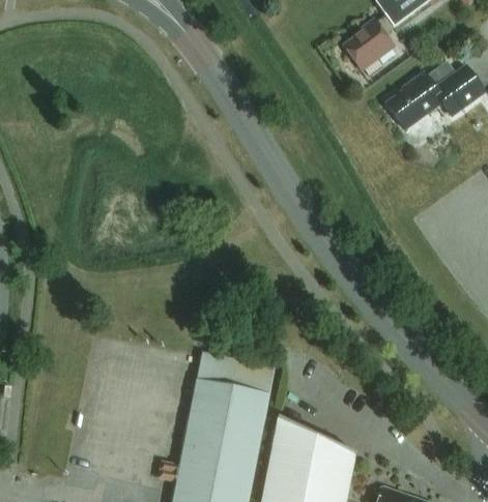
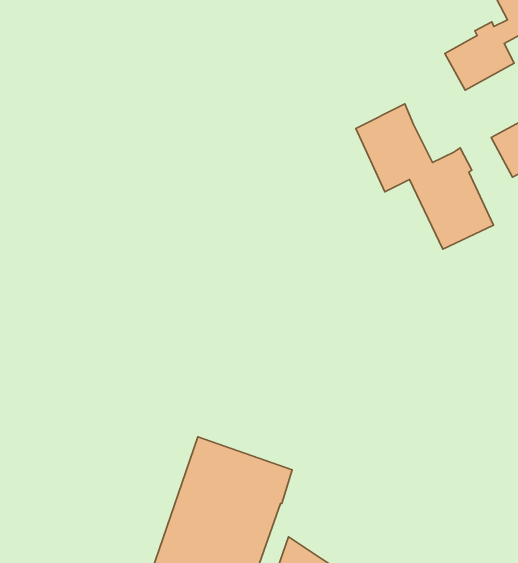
building: none -> [356,104,493,249]

